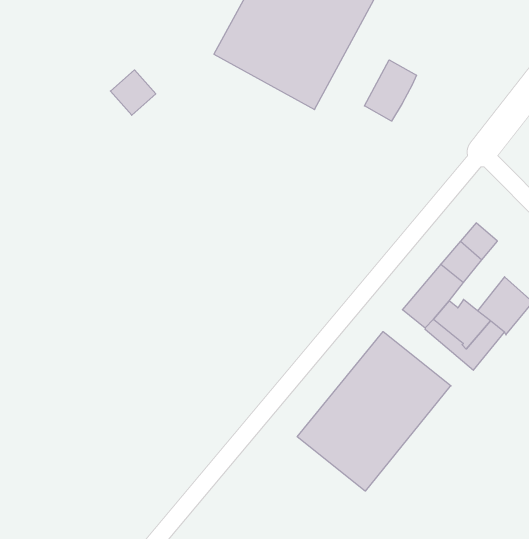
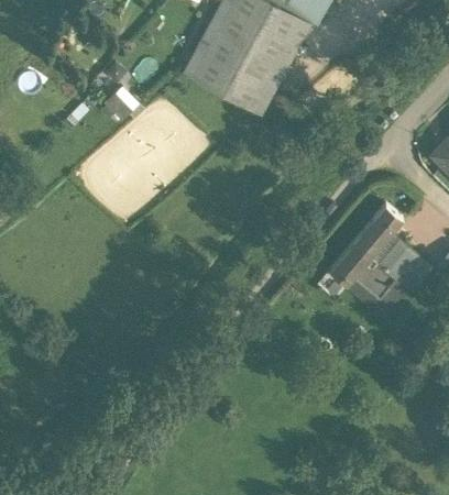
building: [364,60,416,121] -> none
building: none -> [364,232,407,272]
building: [297,332,451,491] -> none

